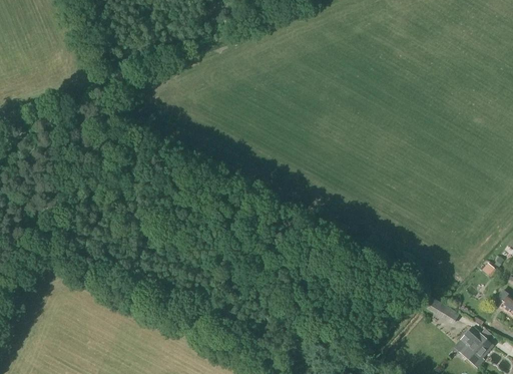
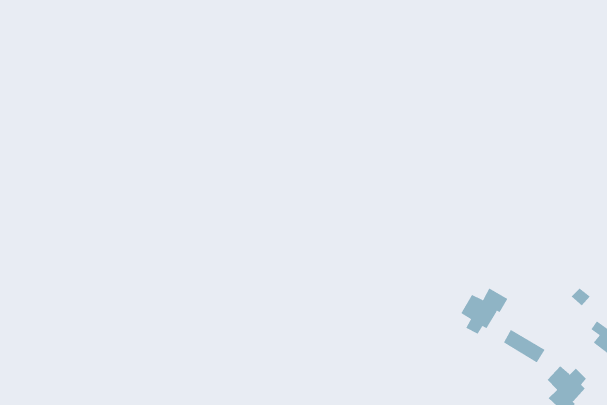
building: none -> [461,288,508,334]

